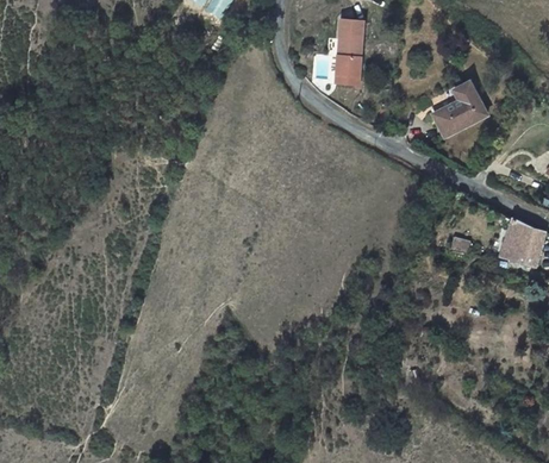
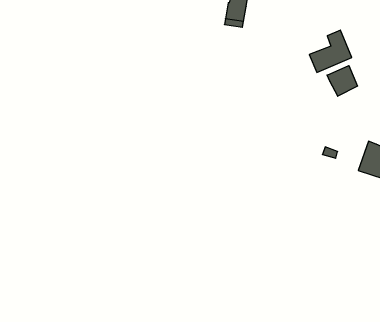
building: none -> [327,66,357,96]

